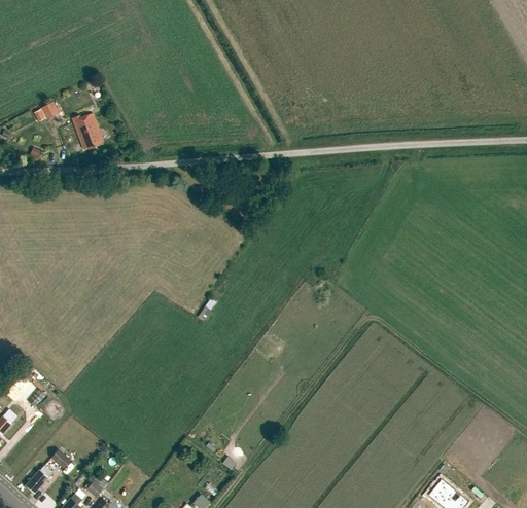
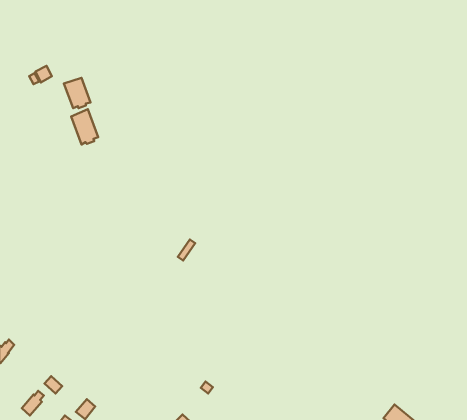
building: none -> [71,109,98,145]

